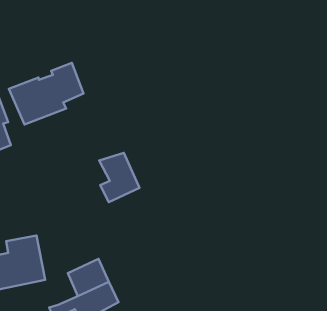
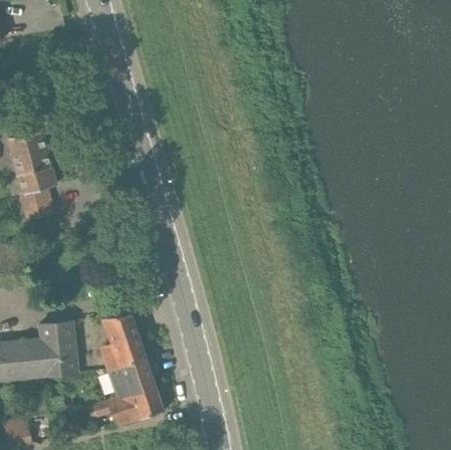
building: [9,63,83,124] -> none
building: [99,153,140,202] -> [98,312,145,369]

